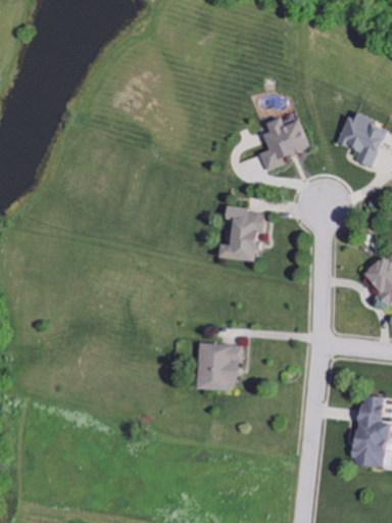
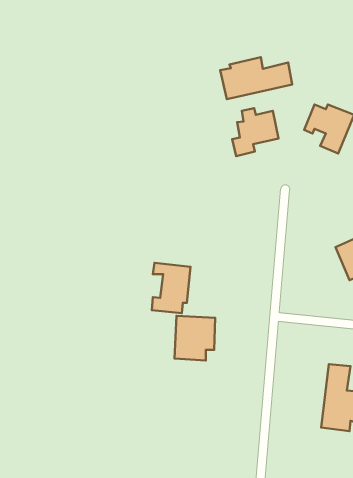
building: none -> [220,57,292,99]
building: [223,207,264,262] -> [152,263,190,313]

